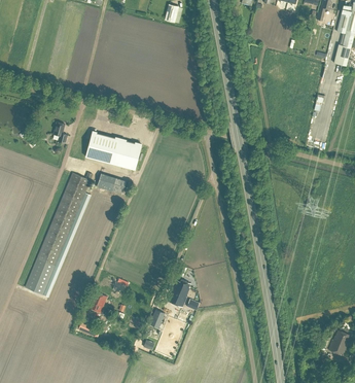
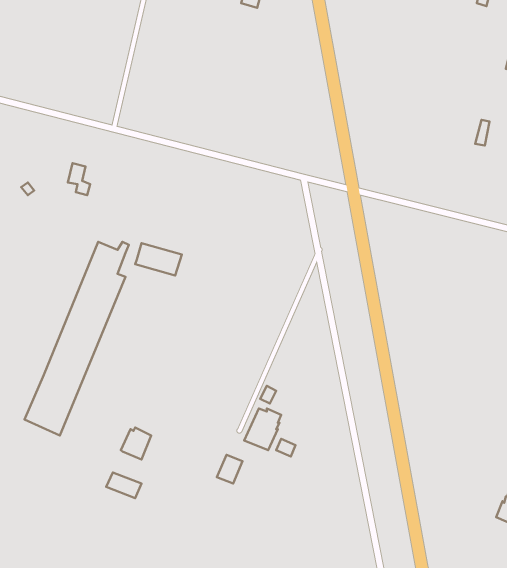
building: [85,131,142,169] -> none

